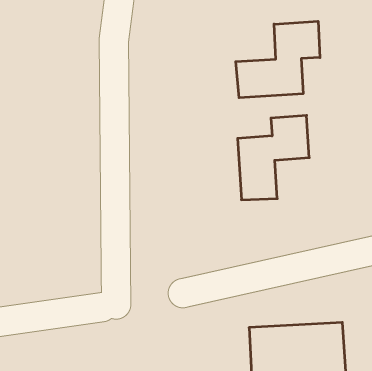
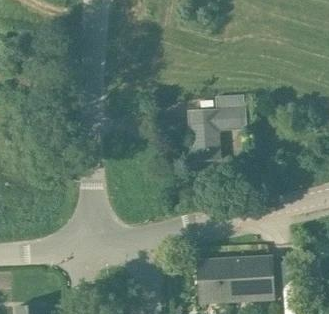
building: [236,21,320,98] -> none

